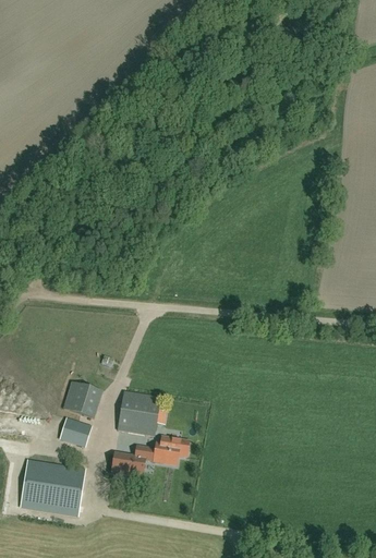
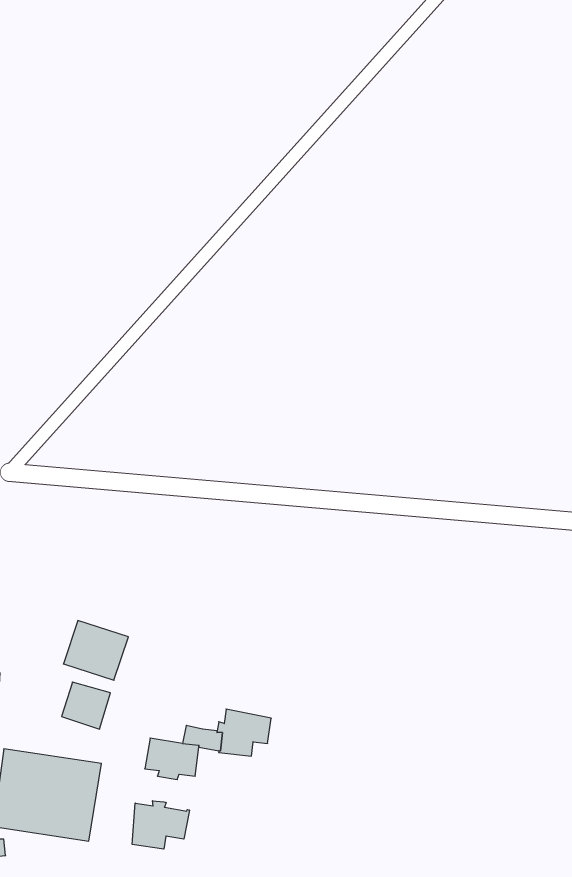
building: [117,390,159,435] -> none
building: none -> [132,801,189,849]

